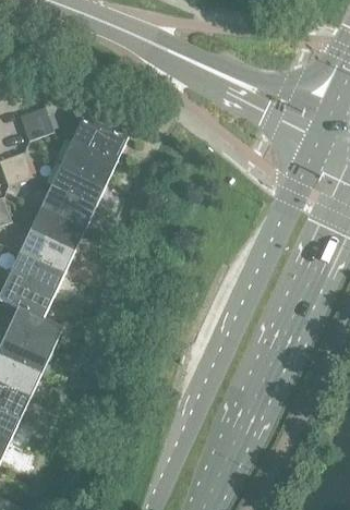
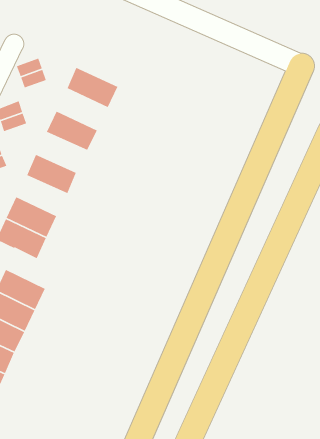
building: [61,139,116,183] -> none
building: [39,185,94,228] -> none
building: [19,231,73,274] -> none
building: [8,307,60,350] -> none

